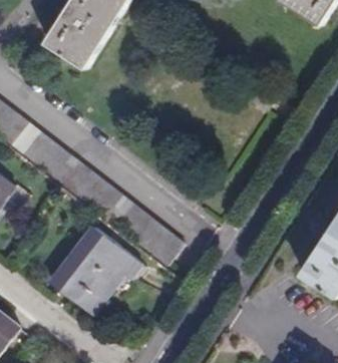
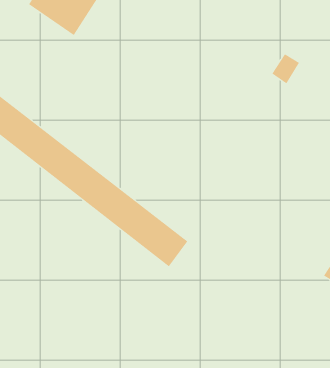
building: [52,226,139,313] -> none

